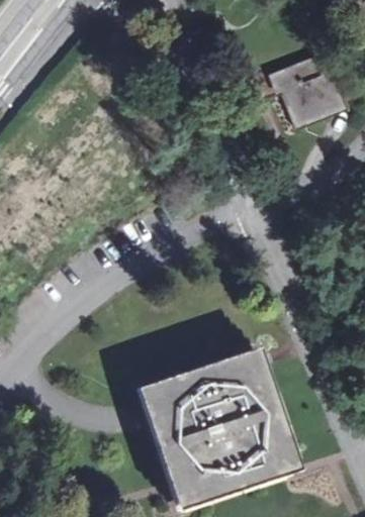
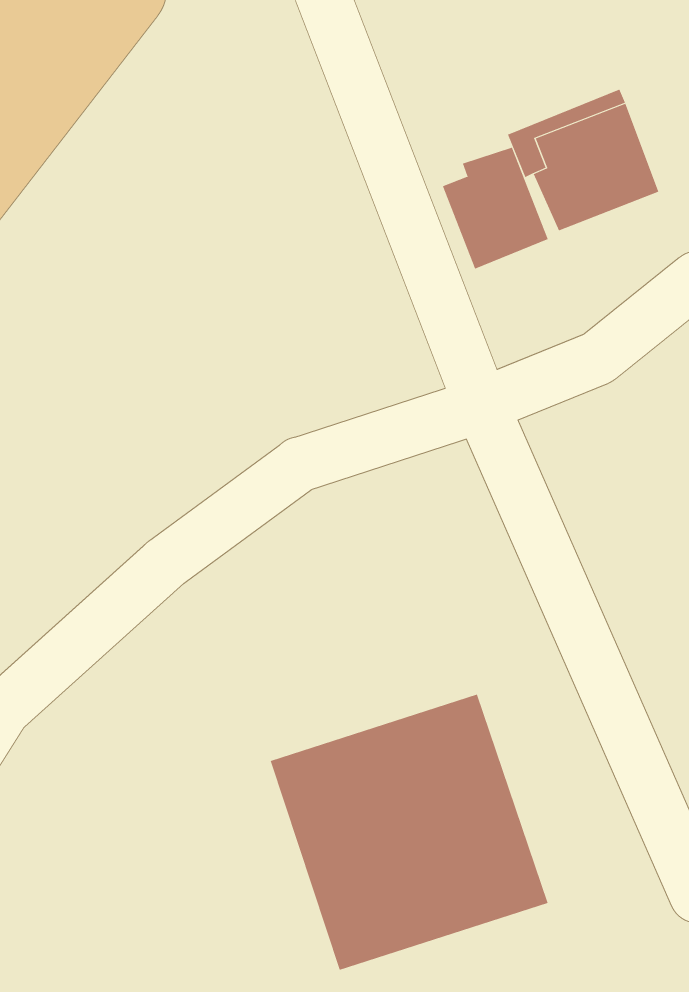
building: none -> [442,147,548,269]

